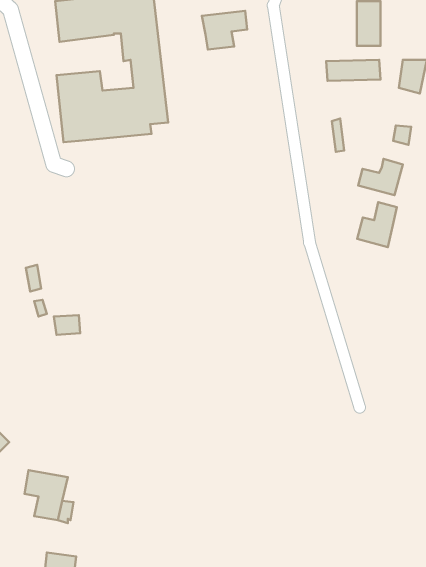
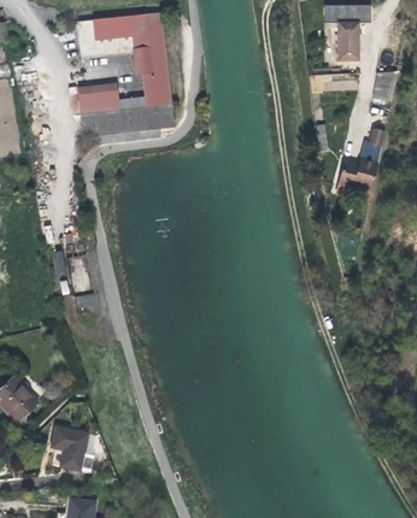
building: [202,11,247,50] -> none
building: [357,202,397,247] -> none

